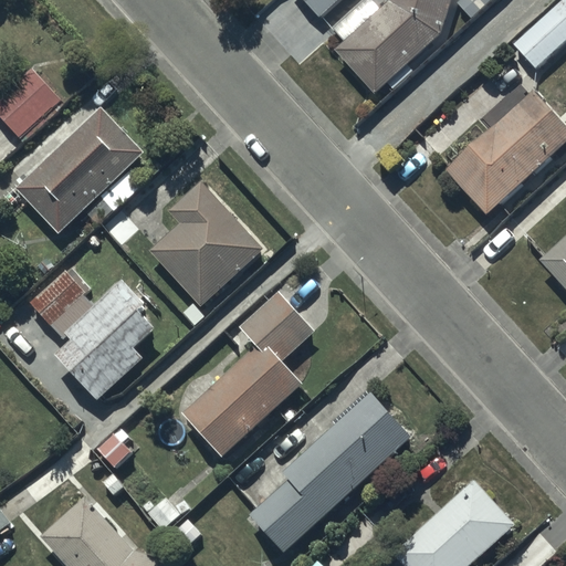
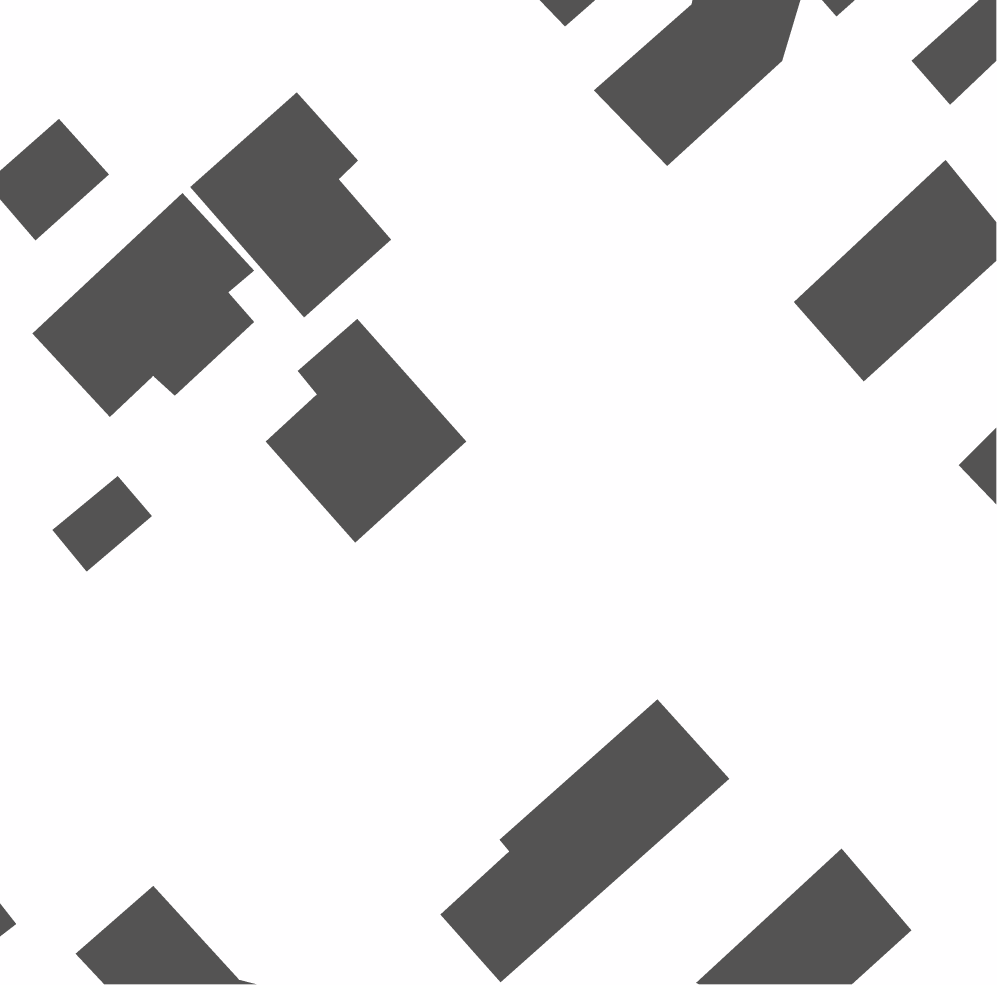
building: none -> [189,92,392,319]
building: [56,280,156,401] -> none
building: [180,291,313,459] -> none

